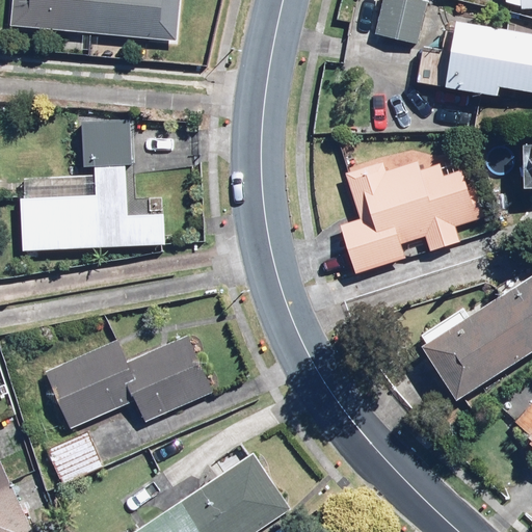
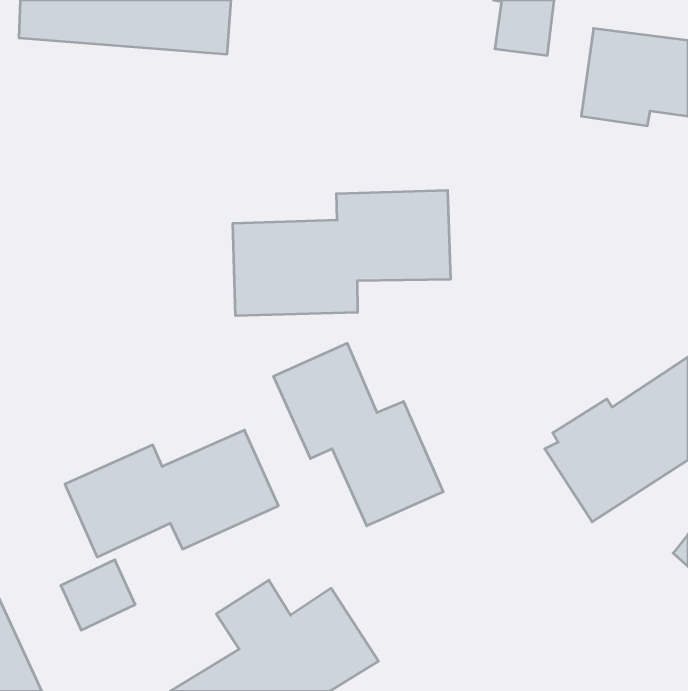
building: [21,117,164,248] -> none
building: none -> [233,190,450,316]
building: [340,160,479,273] -> none
building: none -> [274,343,443,526]

